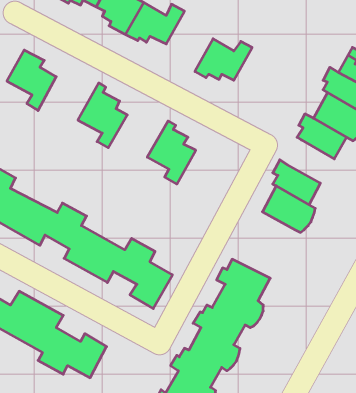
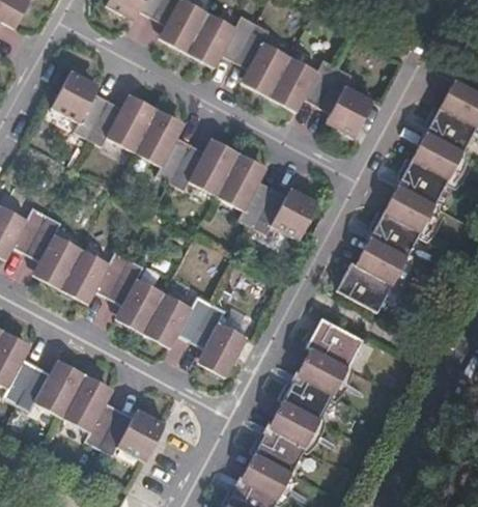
building: none -> [238,23,294,95]
building: none -> [319,66,374,137]
building: none -> [85,101,158,153]
building: none -> [169,144,241,198]
building: none -> [384,177,447,233]
building: none -> [251,190,319,242]
building: none -> [334,258,393,313]

